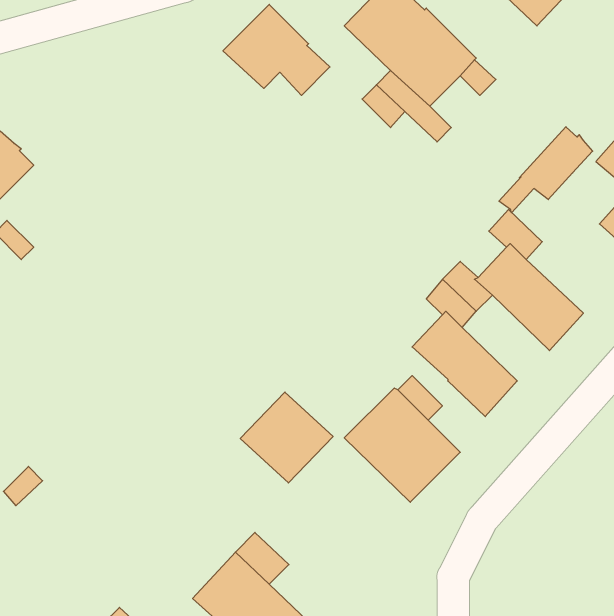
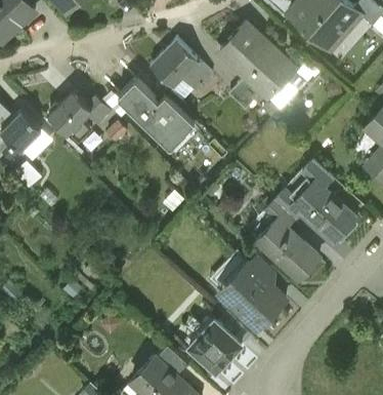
building: none -> [118,80,194,150]
building: none -> [48,93,111,135]
building: [499,127,593,213] -> none
building: [240,392,333,483] -> [188,320,242,372]

